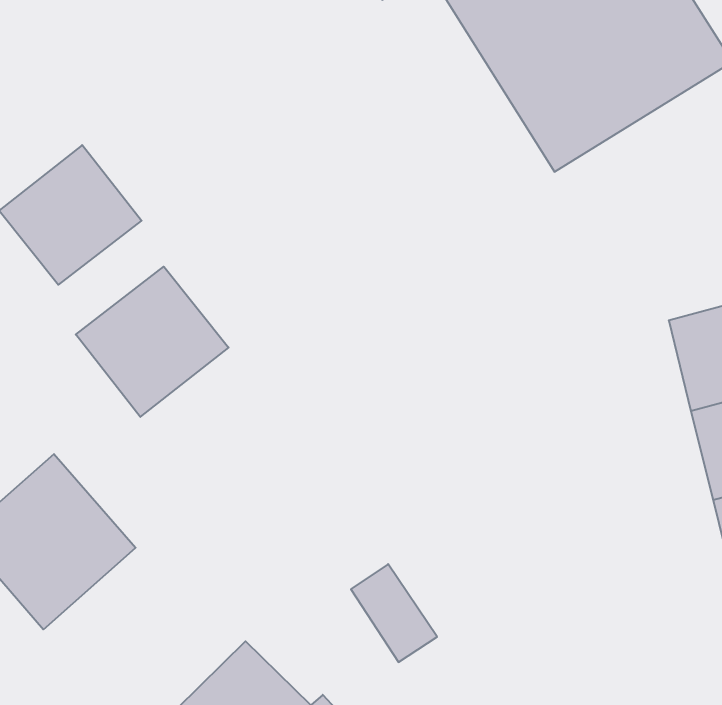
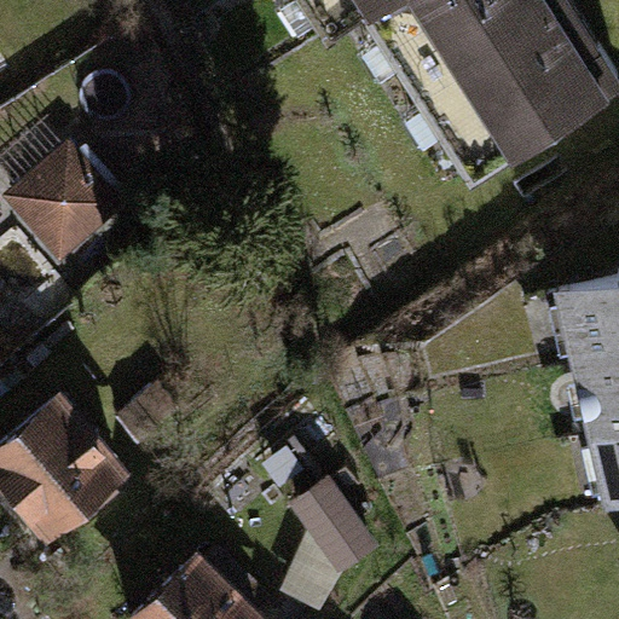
building: [76,267,229,417] -> none

